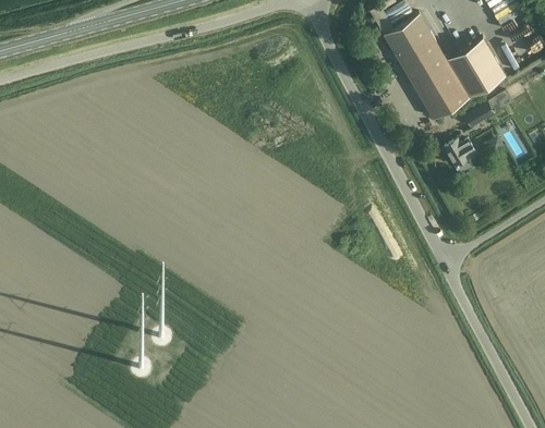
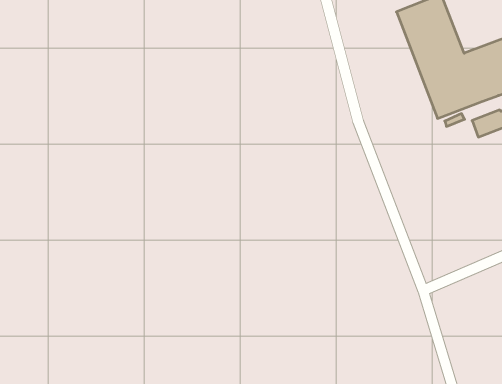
building: [445,140,477,172] -> none

